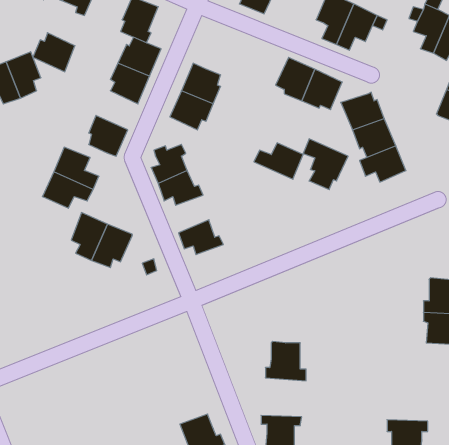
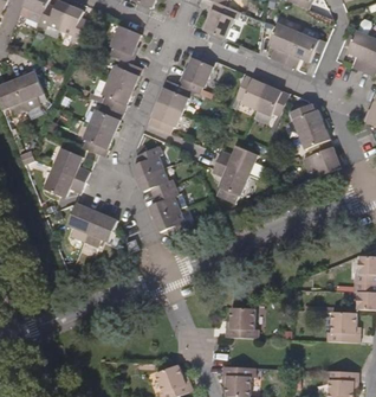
building: [33,33,75,72] -> [87,102,122,134]
building: none -> [177,57,214,94]
building: [303,139,348,190] -> [212,160,248,201]
building: none -> [149,187,186,218]
building: none -> [328,312,359,342]

